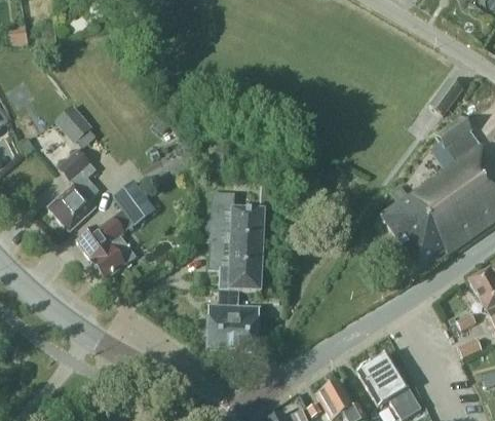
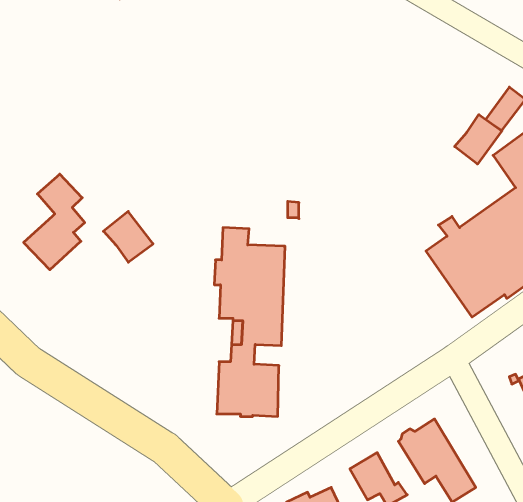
building: none -> [455,115,502,164]
building: [58,104,92,141] -> none
building: [77,208,136,278] -> none

